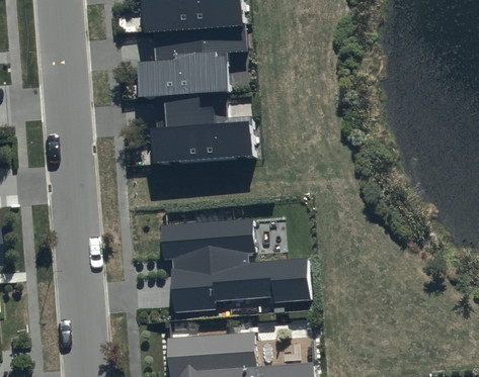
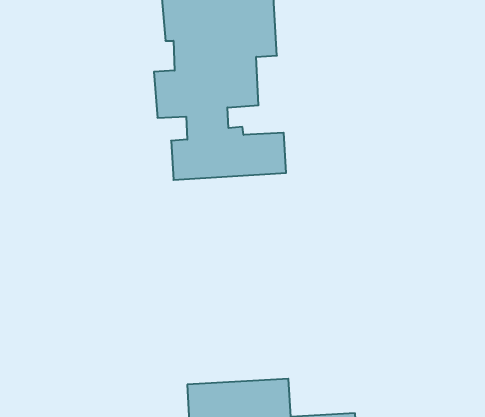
building: [160,218,310,312] -> none

